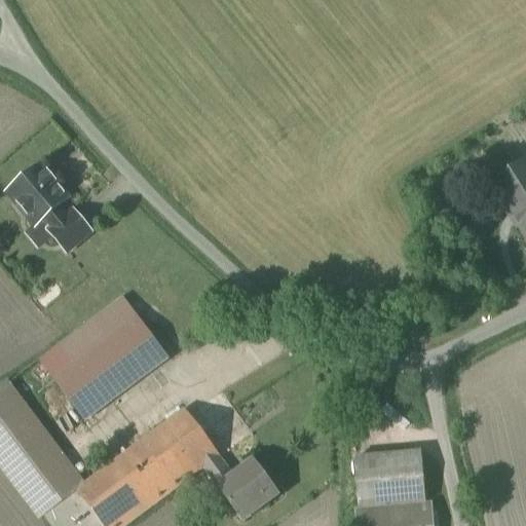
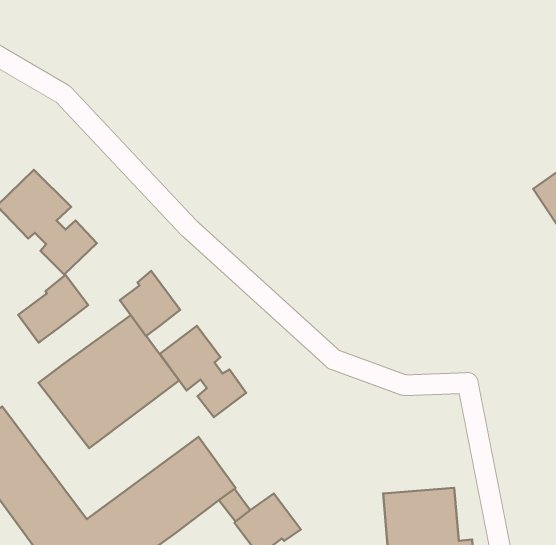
building: none -> [120,271,180,336]
building: none -> [18,275,88,343]
building: none -> [160,326,246,417]

